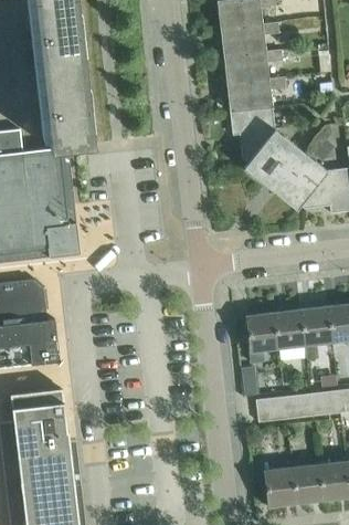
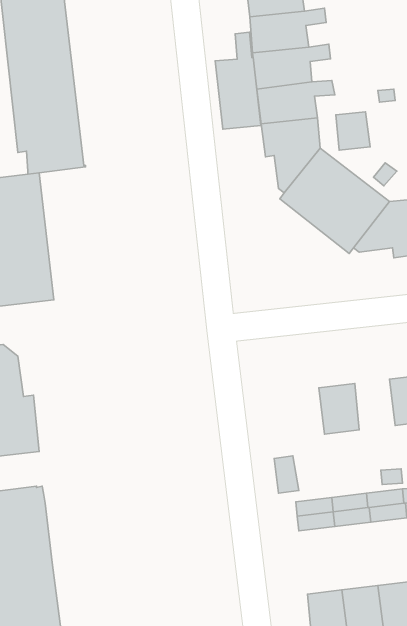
building: none -> [215,32,261,129]
building: none -> [336,112,370,150]
building: [302,306,332,345] -> none
building: [246,313,278,351] -> none

